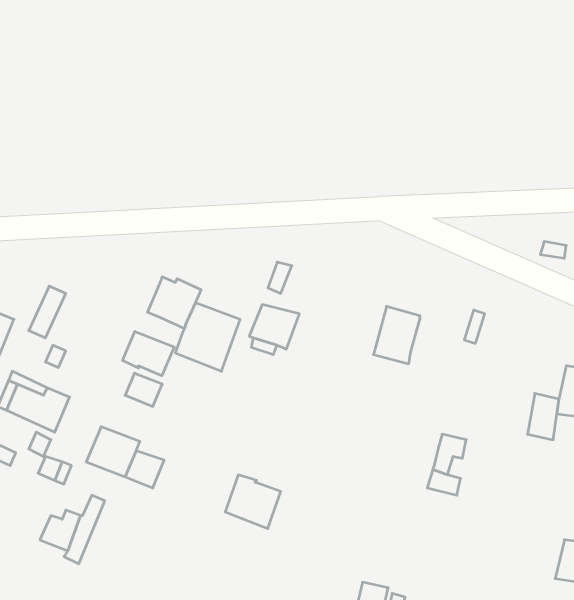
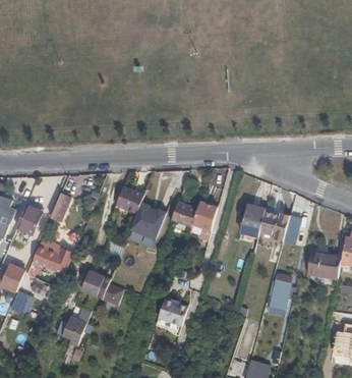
building: none -> [187,202,215,239]
building: none -> [258,211,288,239]
building: [122,331,174,376] -> none
building: none -> [305,249,327,274]

